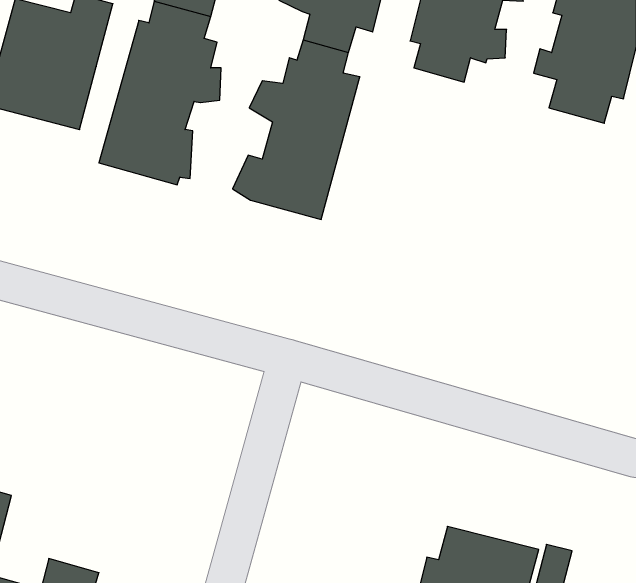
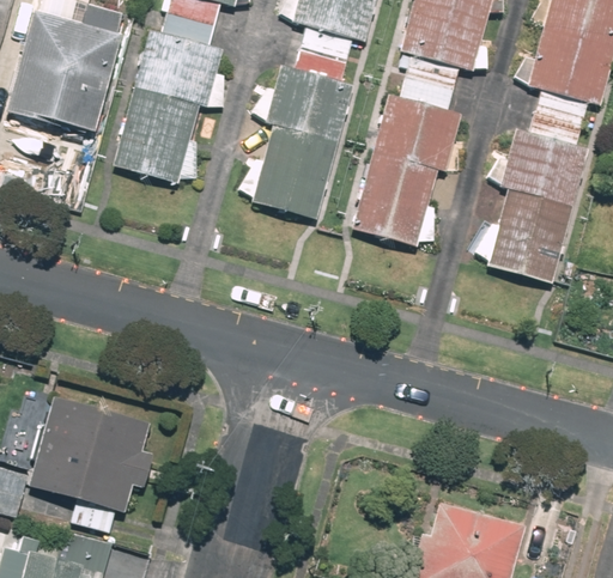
building: none -> [353,75,461,247]
building: none -> [469,112,587,284]
building: none -> [32,396,151,531]

